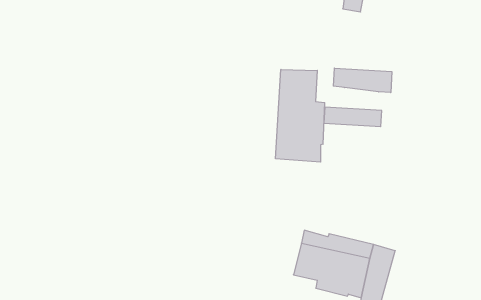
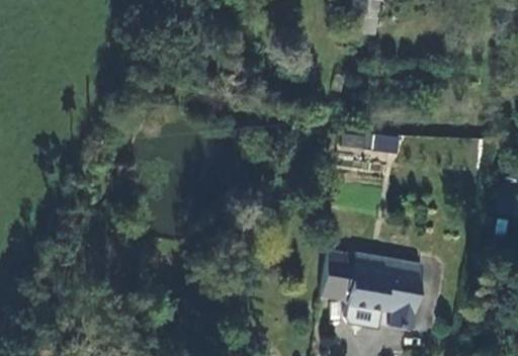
building: [333,68,392,93] -> none
building: [276,69,325,162] -> none

